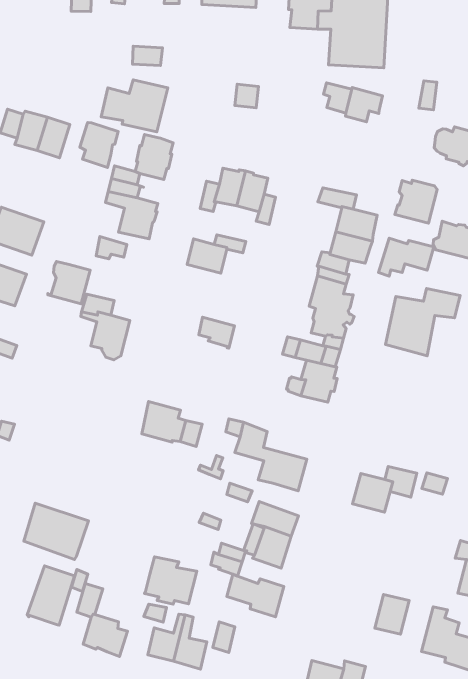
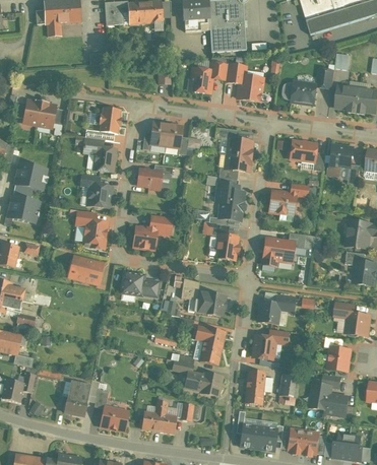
building: [101,80,168,132] -> none
building: none -> [190,67,214,92]
building: [80,123,118,167] -> none
building: [395,180,437,223] -> [238,75,262,101]
building: [379,238,434,276] -> none
building: [48,261,90,304] -> [87,183,112,207]
building: none -> [133,226,158,249]
building: none -> [257,235,297,269]
building: none -> [72,257,101,283]
building: [24,503,89,559] -> none
building: none -> [253,328,289,358]
building: [145,557,197,604] -> none
building: none -> [245,370,265,404]

